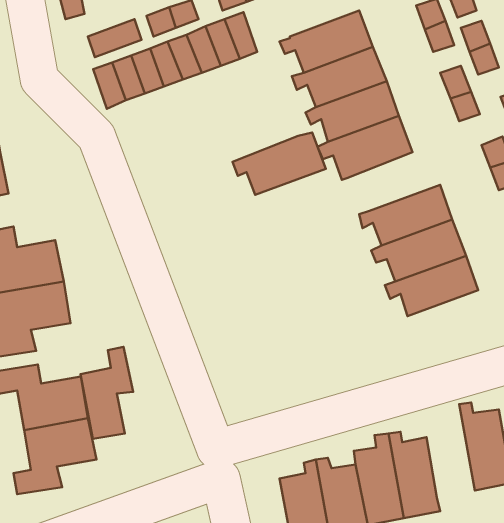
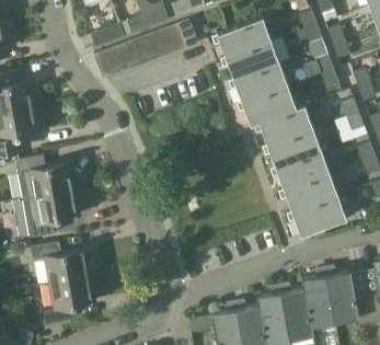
building: [233,133,326,195] -> [255,106,314,146]
building: none -> [287,196,347,237]
building: [81,347,133,439] -> none
building: none -> [303,268,336,327]

